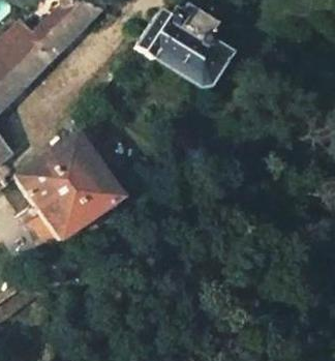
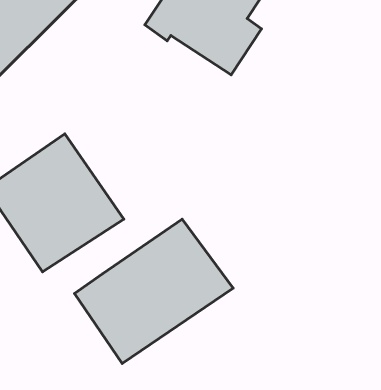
building: none -> [75,219,233,364]

